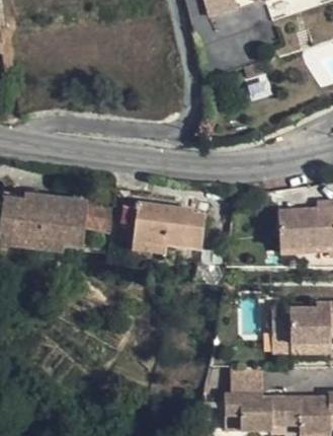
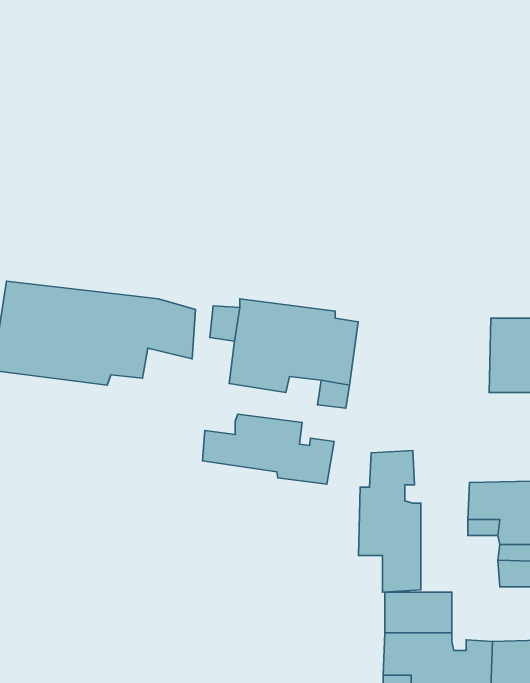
building: none -> [203,414,334,484]
building: none -> [358,450,421,592]

